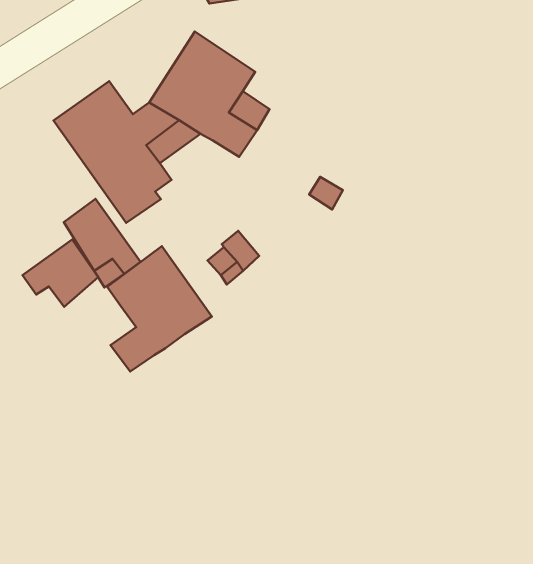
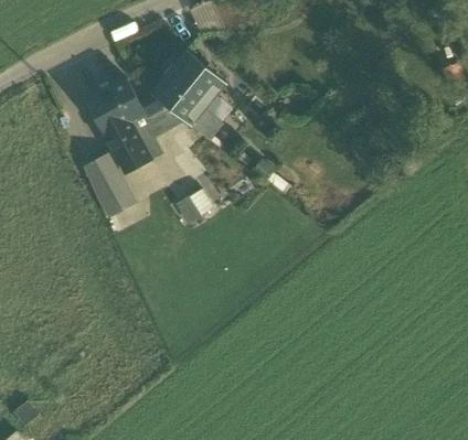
building: [22,240,98,307] -> none
building: [107,246,212,372] -> none

